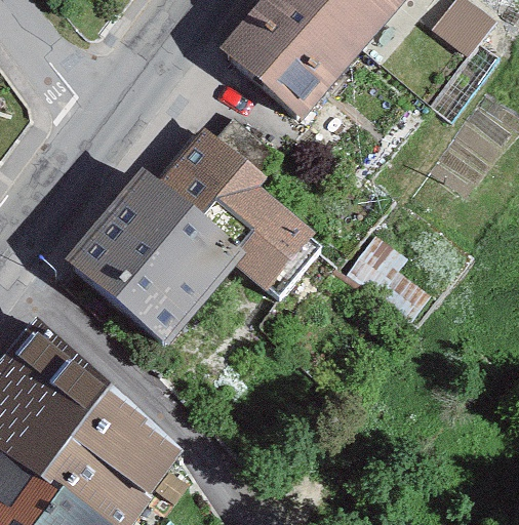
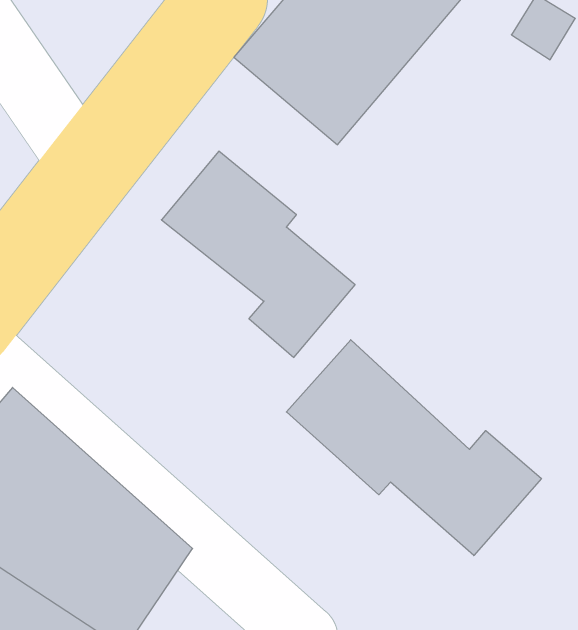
building: [66,169,241,342] -> none
building: none -> [286,340,541,556]

